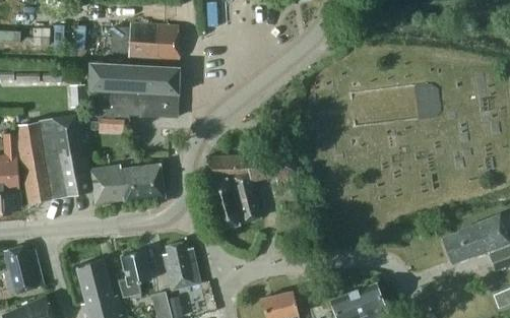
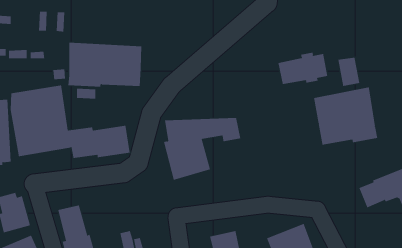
building: [113,23,179,60] -> none
building: none -> [278,52,328,85]
building: none -> [314,86,378,146]
building: [163,242,199,291] -> none
building: [120,251,150,298] -> none

